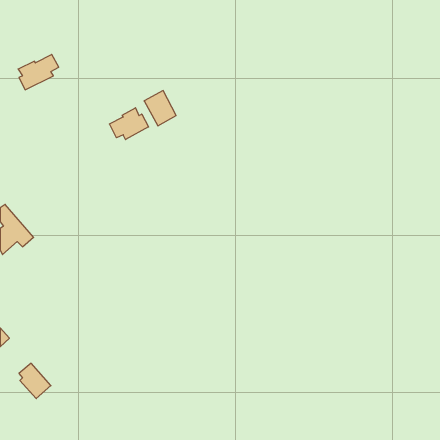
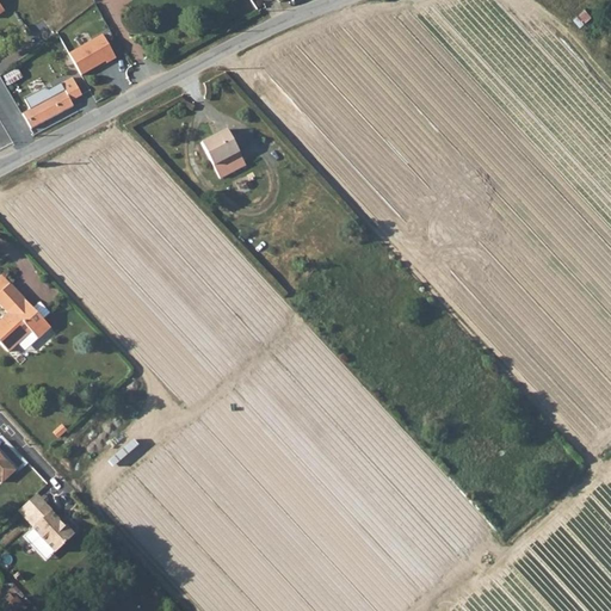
building: none -> [70,33,117,74]
building: [109,108,149,140] -> none

